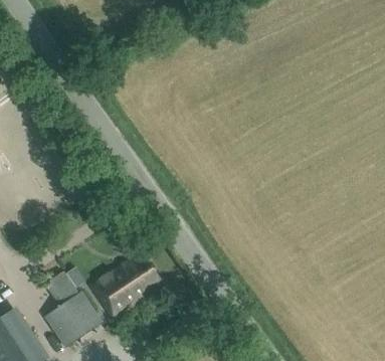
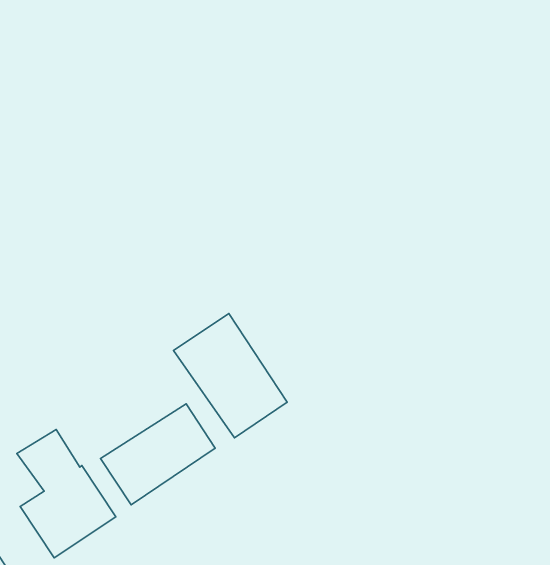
building: none -> [173,314,287,438]

